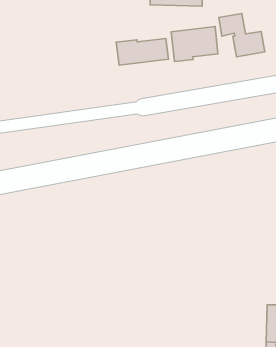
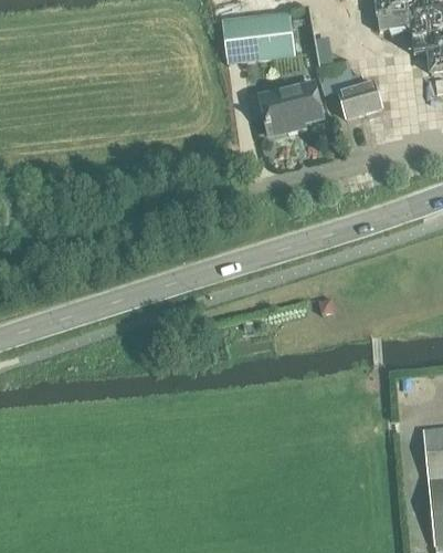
building: [116,39,169,65] -> none

